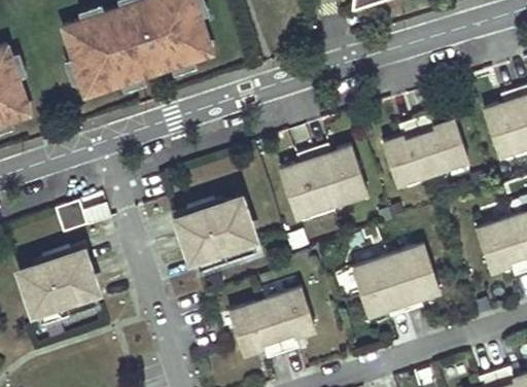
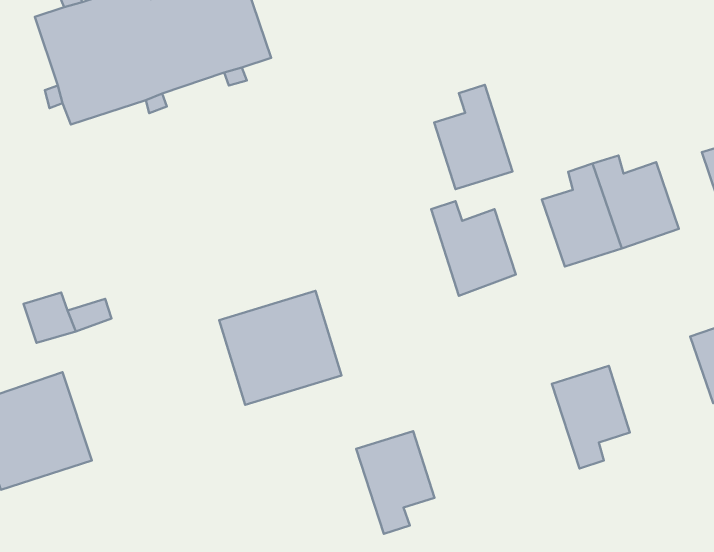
building: [281,148,330,214] -> [434,85,512,189]
building: [353,258,407,317] -> none
building: [230,300,283,358] -> none

